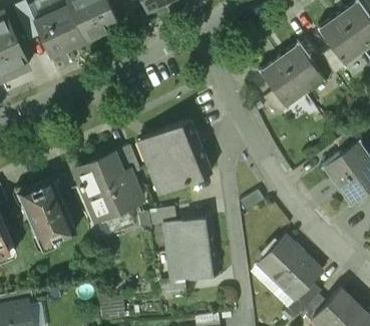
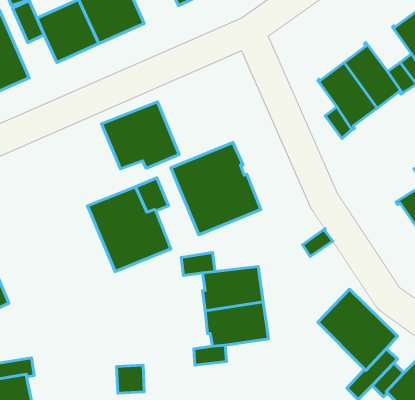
building: none -> [101,102,179,169]
building: [19,180,76,246] -> none

